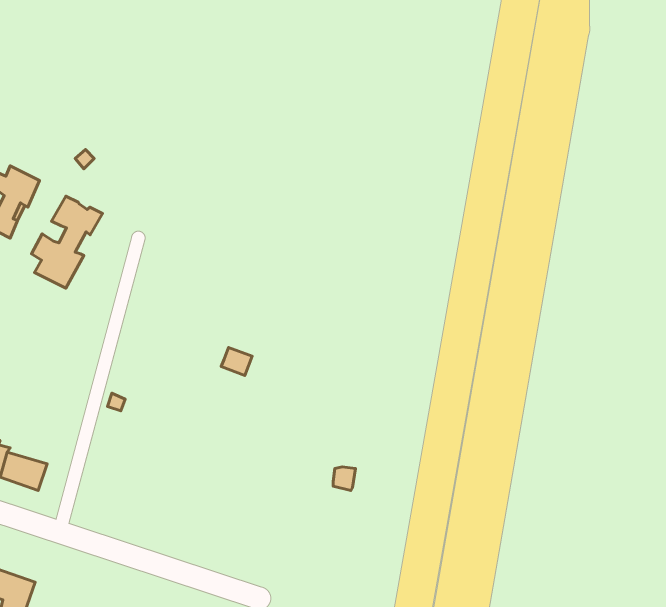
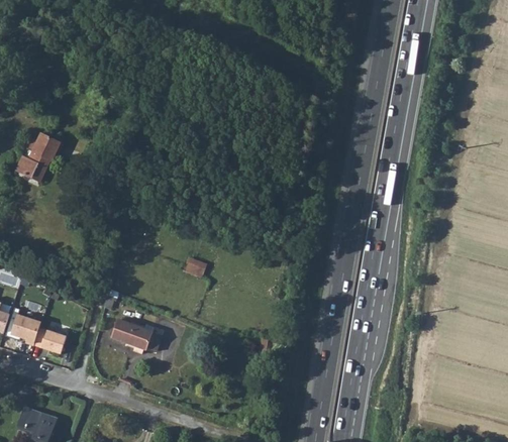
building: [31,196,102,288] -> none
building: none -> [112,319,162,353]

